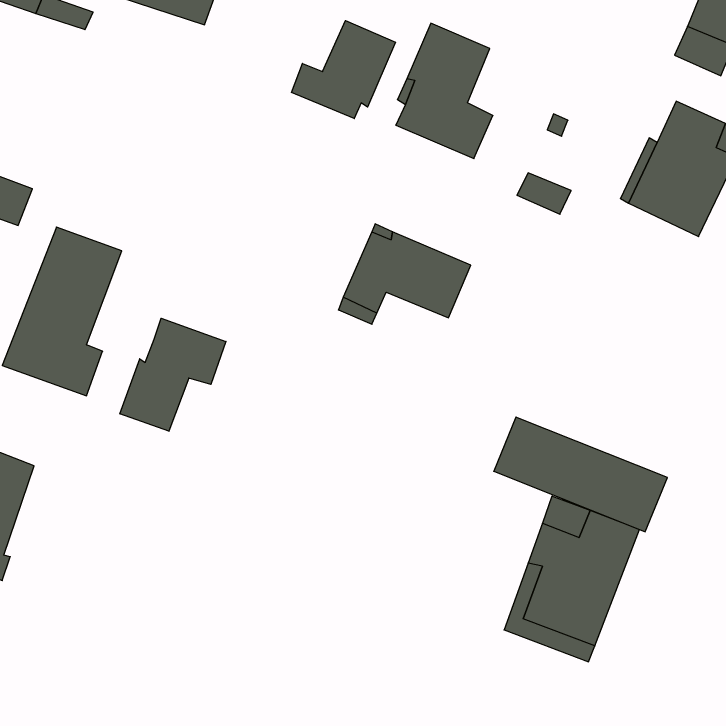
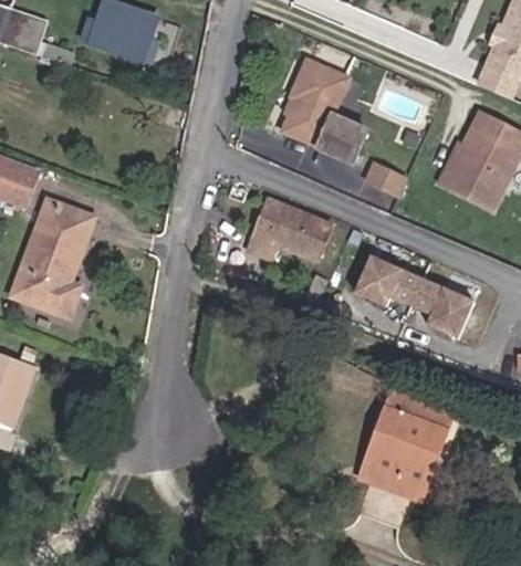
building: [291,21,395,119] -> none
building: [120,318,226,431] -> none
building: [494,417,667,532] -> [356,255,477,335]

